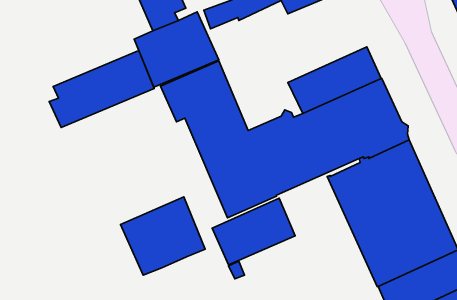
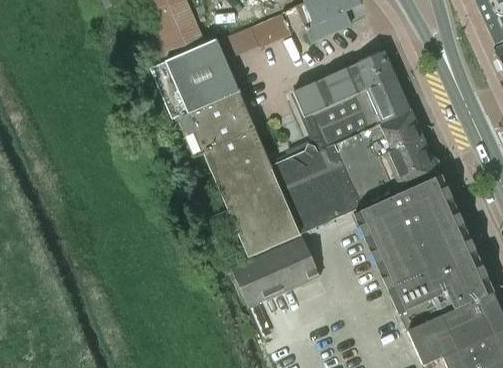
building: none -> [293,50,396,116]
building: [49,51,154,128] -> none
building: [120,197,205,275] -> none

